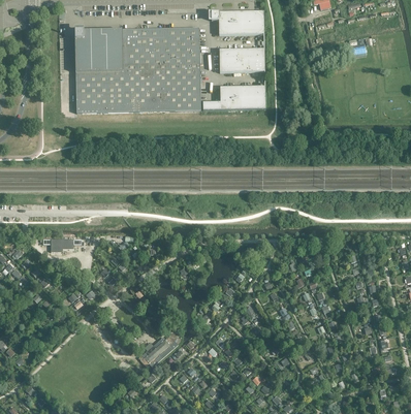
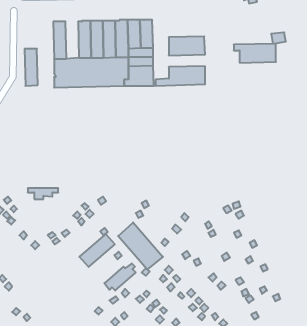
building: [211,10,263,34] -> [234,44,276,63]
building: [90,29,106,75] -> [25,49,38,86]
building: none -> [118,222,163,270]
building: none -> [79,234,115,267]

